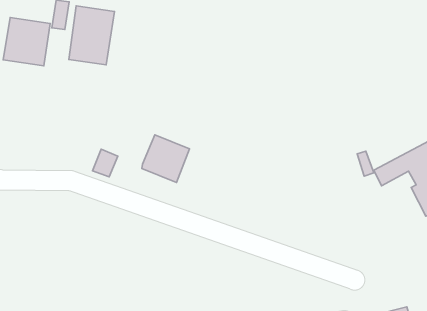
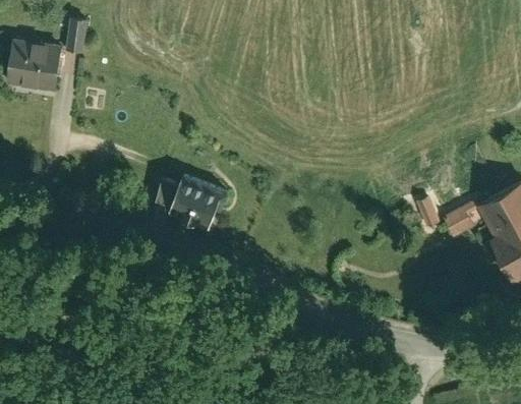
building: [69,6,115,65] -> none
building: [93,149,118,177] -> [151,178,180,211]

